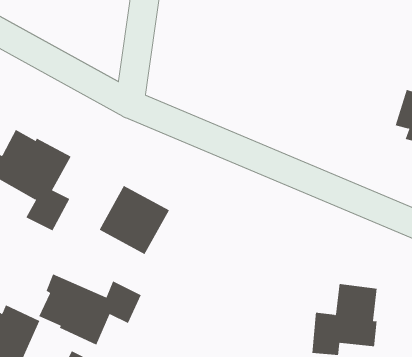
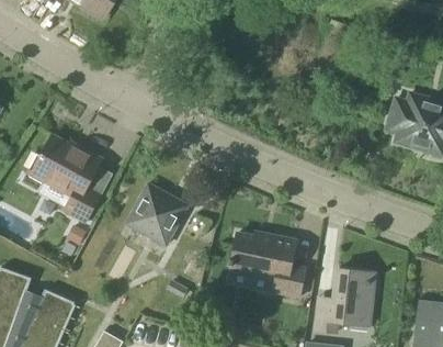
building: none -> [230,232,306,298]
building: [38,273,141,345] -> none

